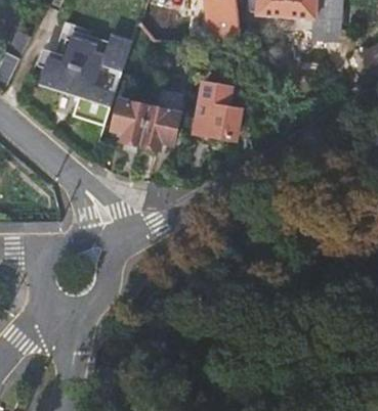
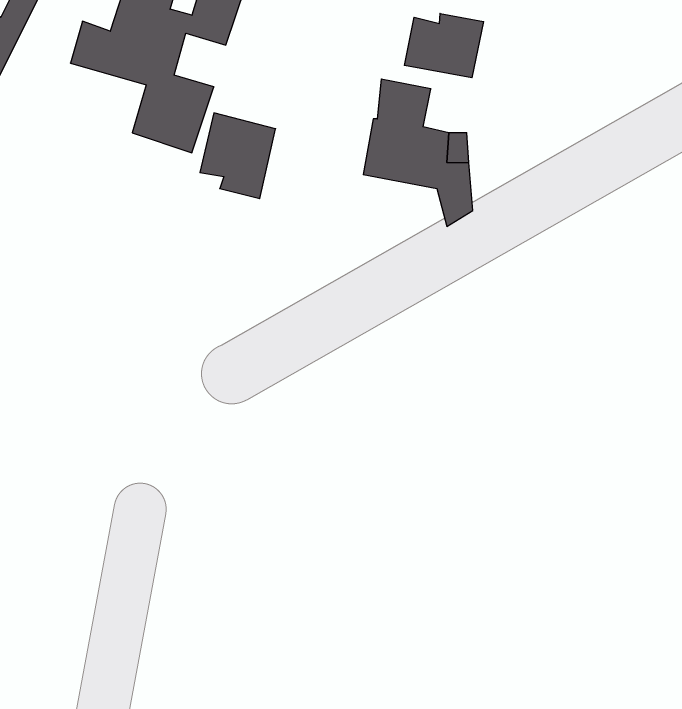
building: none -> [404,13,484,78]
building: [141,107,177,148] -> none

